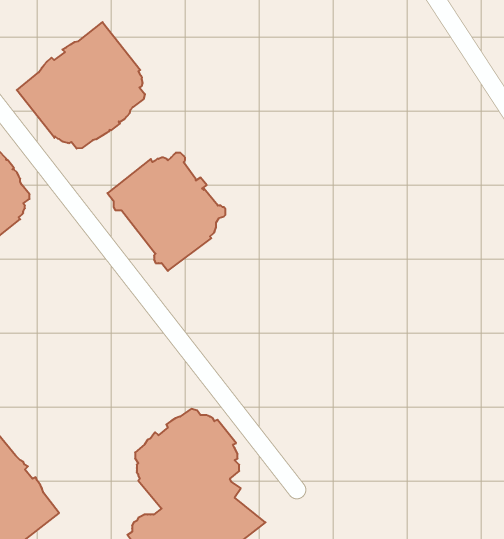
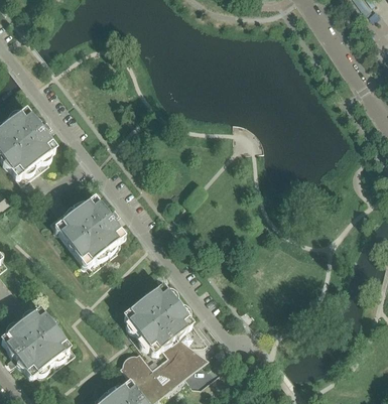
building: [17,22,145,149] -> none
building: [107,153,225,271] -> [49,195,126,272]

